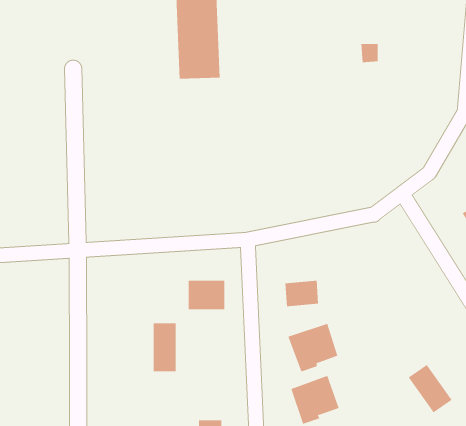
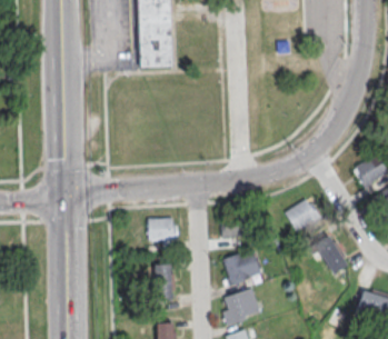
building: none -> [285,199,317,228]
building: [153,323,176,372] -> [155,265,172,301]
building: [408,364,452,413] -> [315,237,348,273]

